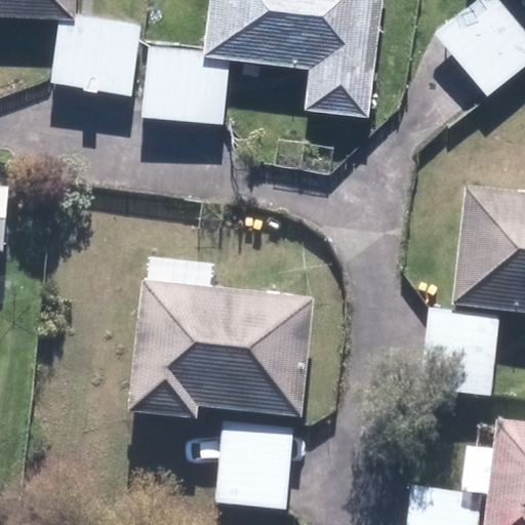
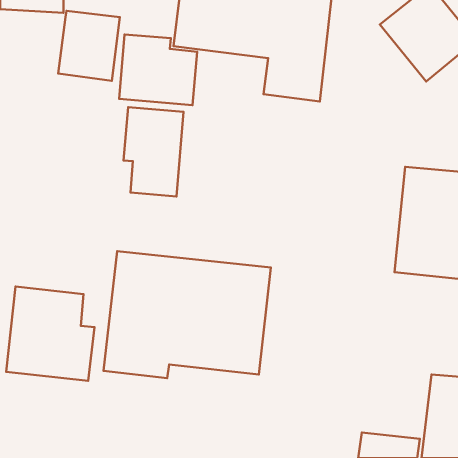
building: none -> [124,107,183,196]
building: none -> [6,287,95,381]
building: [216,423,297,514] -> none

